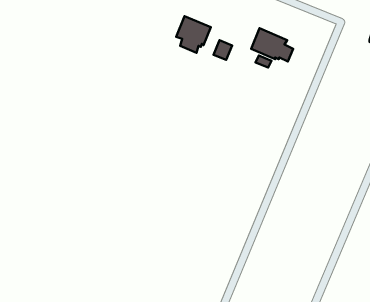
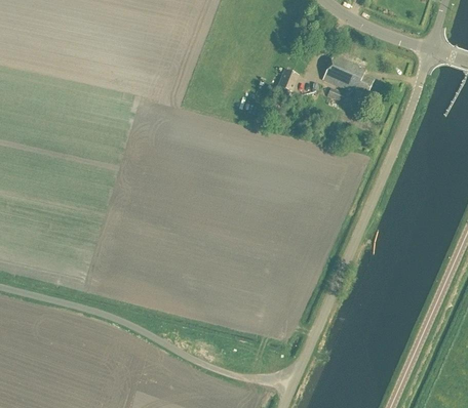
building: [176,16,211,53] -> none

